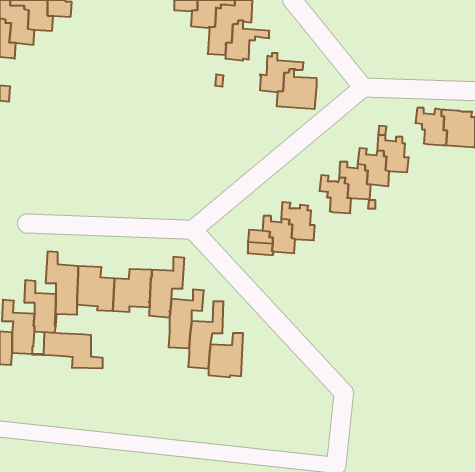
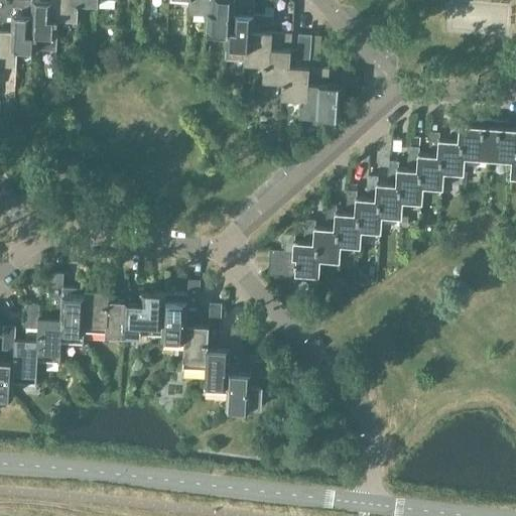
building: none -> [262,37,311,86]
building: none -> [428,135,464,176]
building: none -> [325,209,361,249]
building: [32,332,102,368] -> none

